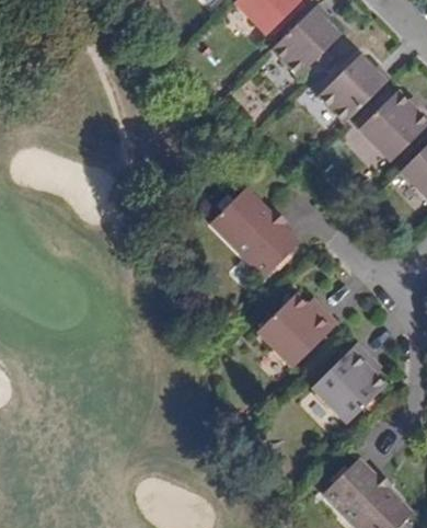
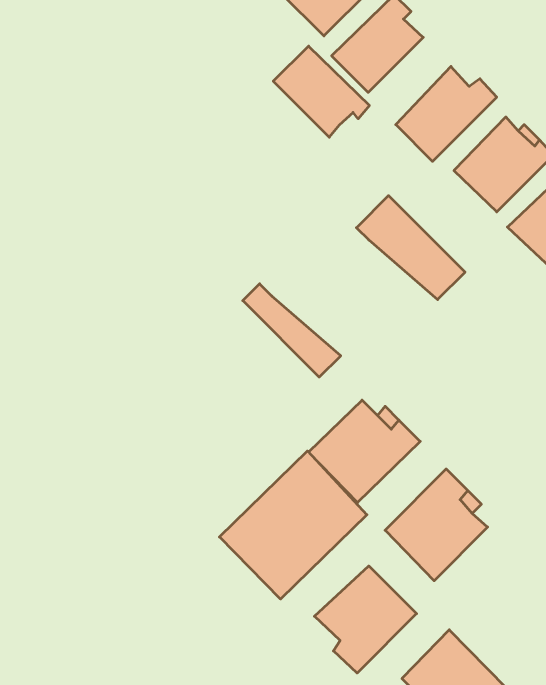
building: none -> [273,46,369,137]
building: [221,188,299,263] -> [356,196,465,300]
building: none -> [219,451,367,599]
building: none -> [314,566,417,673]

